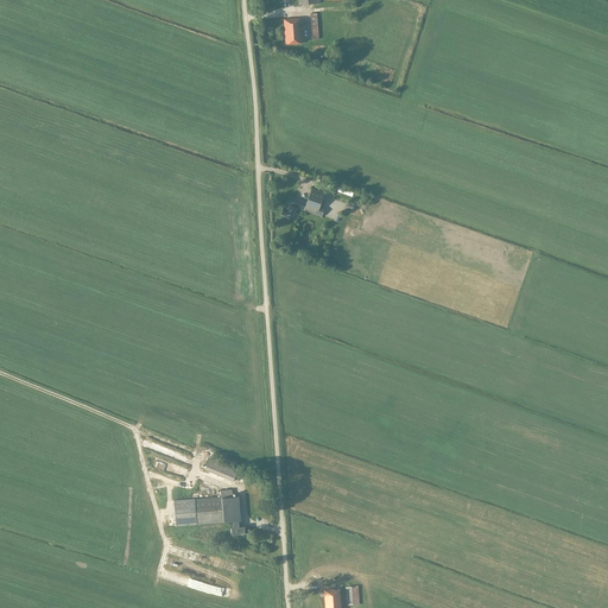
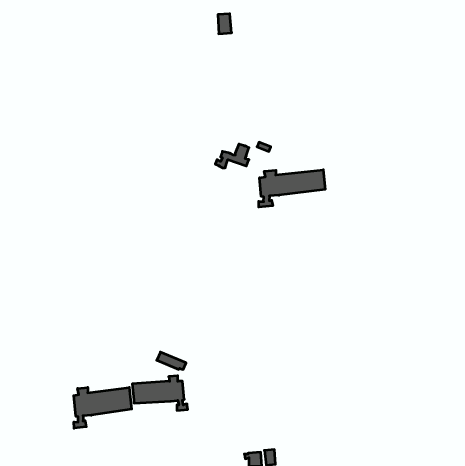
building: none -> [259,170,325,207]
building: none -> [74,387,132,428]

